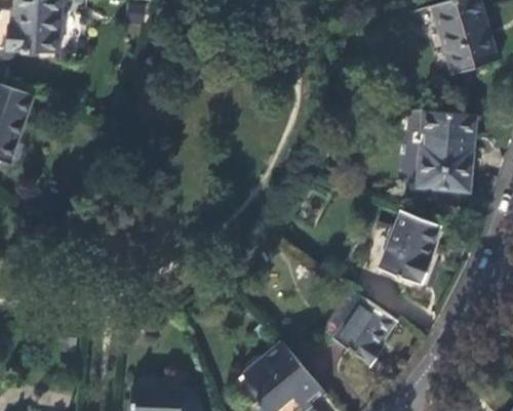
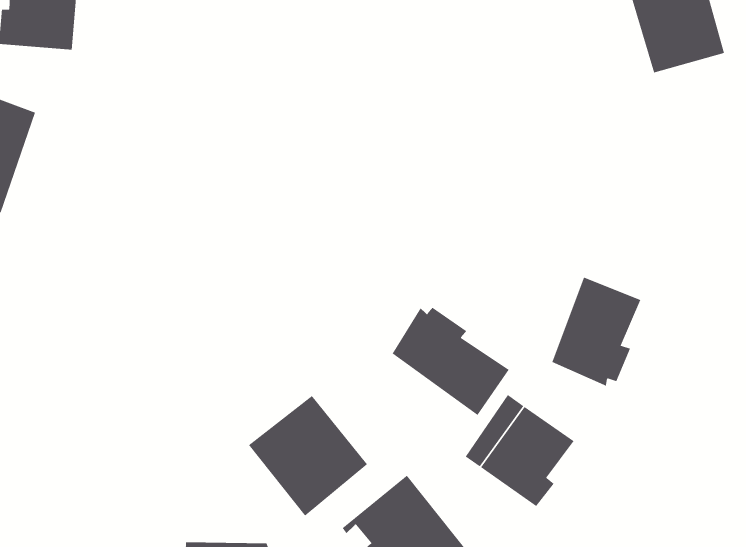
building: [413,111,476,192] -> none
building: none -> [392,307,510,416]
building: none -> [248,395,368,516]

